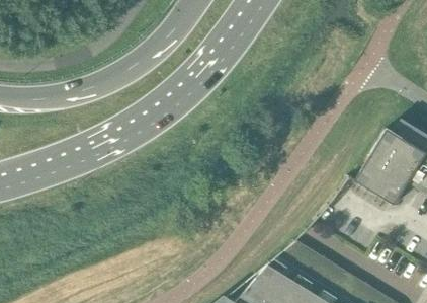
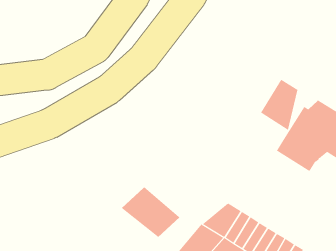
building: none -> [261,79,299,131]
building: none -> [121,186,180,238]

